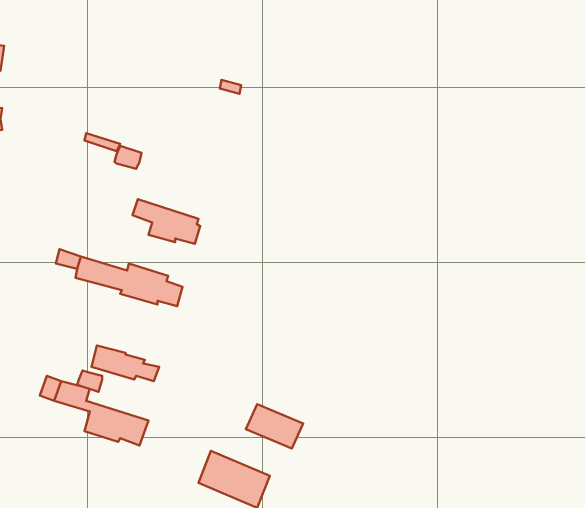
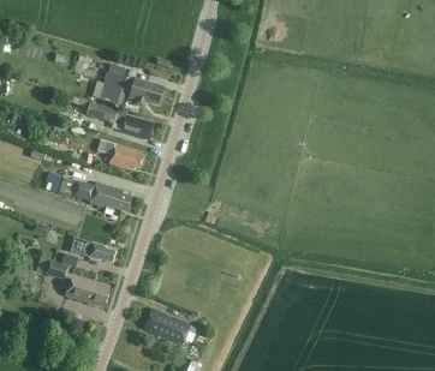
building: none -> [99,62,163,108]
building: none -> [111,112,155,139]
building: [246,404,303,449] -> none

